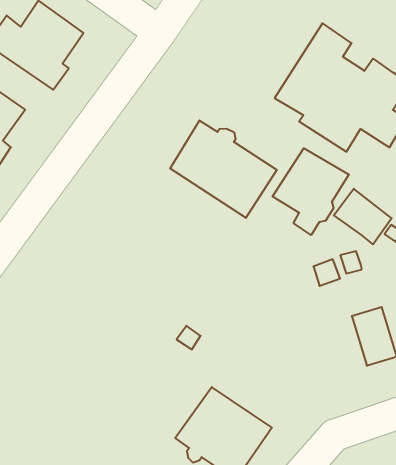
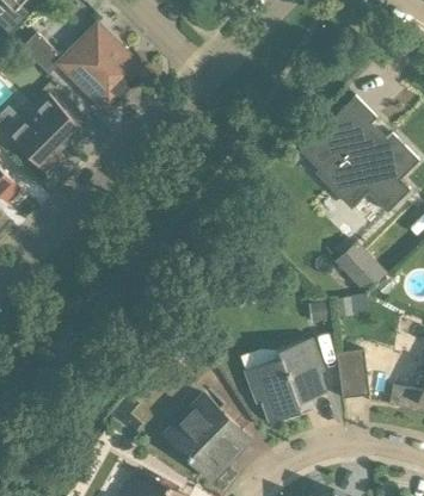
building: [170,120,277,218] -> none
building: [273,148,349,235] -> none
building: none -> [245,337,324,422]

